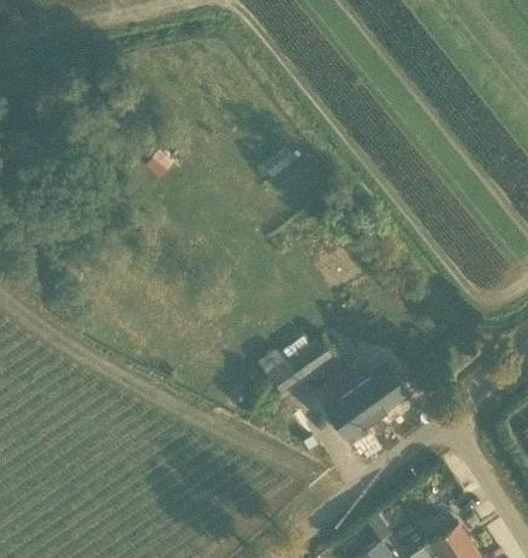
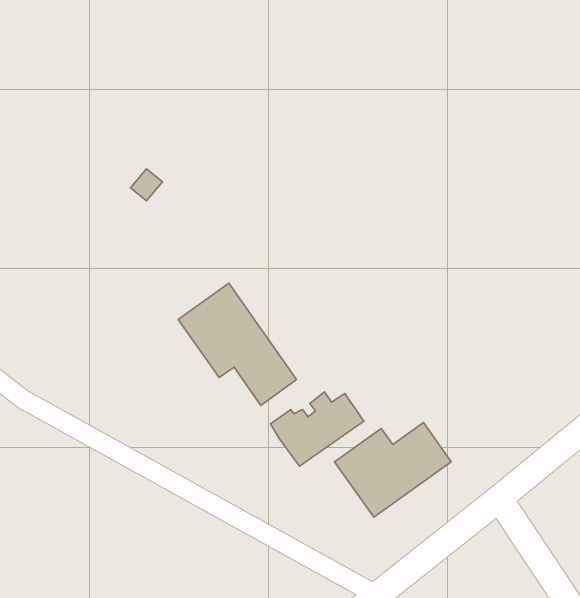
building: none -> [178,283,297,405]

